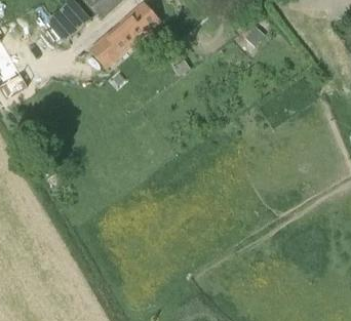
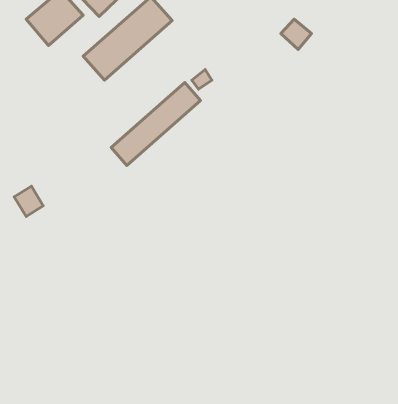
building: none -> [111,83,200,165]

